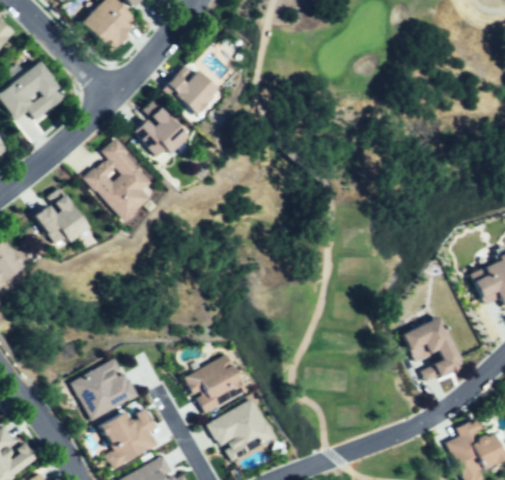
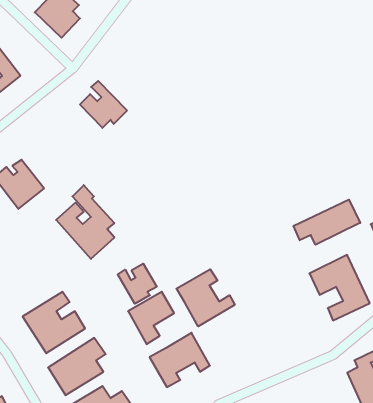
building: [164,70,223,118] -> none
building: [85,138,152,224] -> [56,185,114,259]
building: none -> [294,200,360,245]
building: none -> [118,264,157,304]
building: none -> [176,269,235,326]

